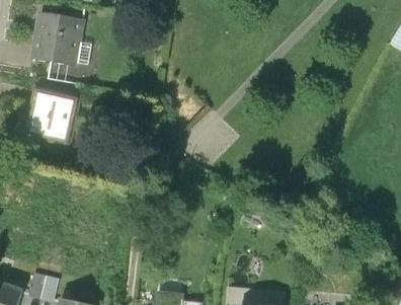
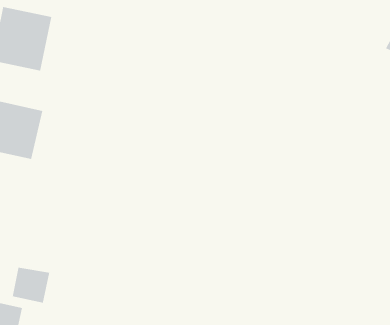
building: none -> [12,267,50,304]

